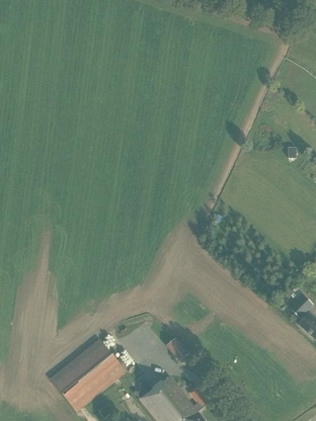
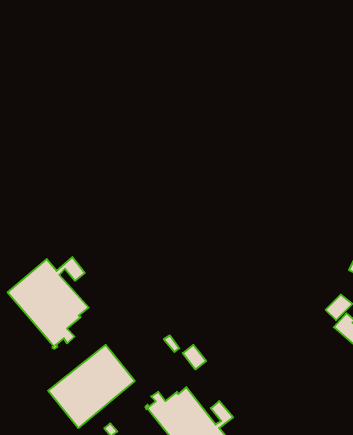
building: none -> [8,257,89,349]

